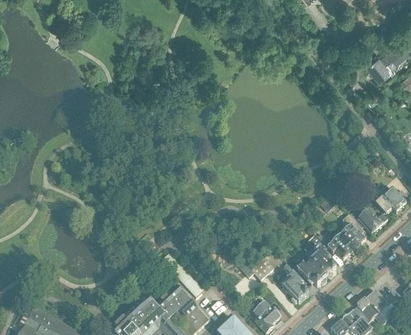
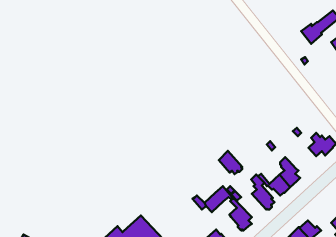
building: [352,209,387,233] -> none
building: [297,257,325,285] -> [219,151,242,174]

